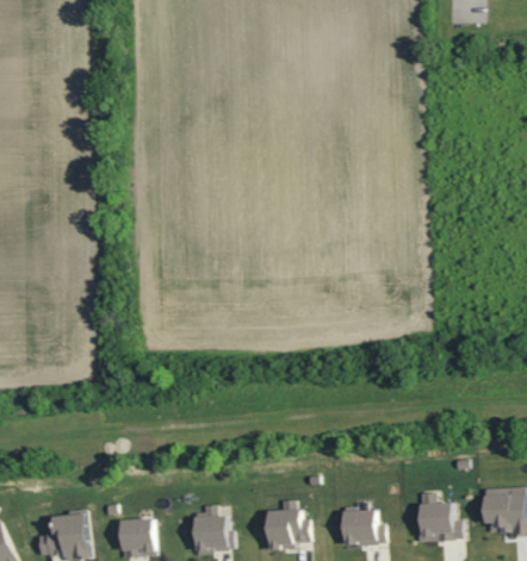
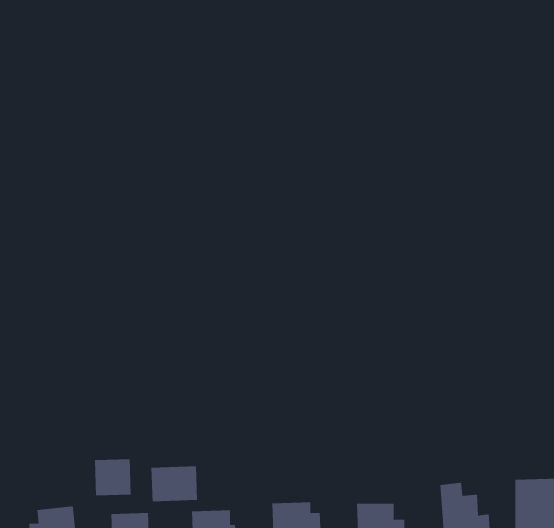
building: none -> [94,458,131,496]
building: none -> [151,466,197,502]

